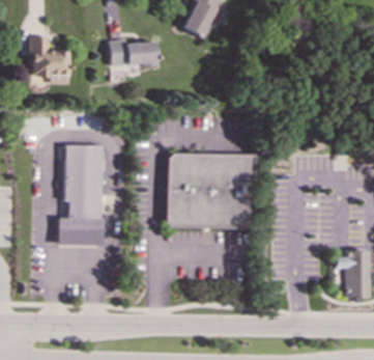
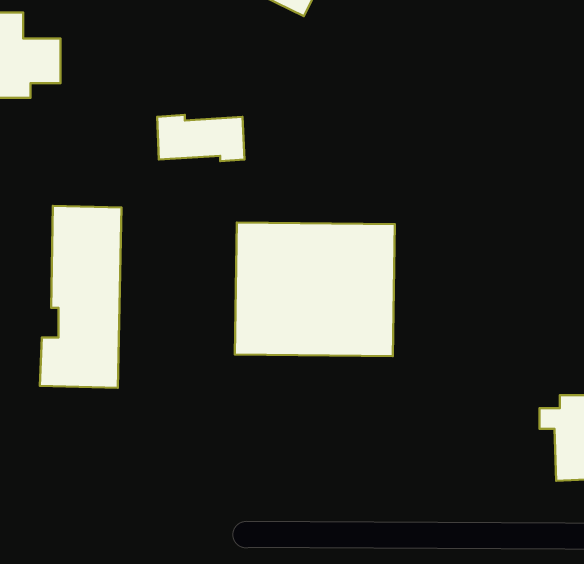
building: [108,40,156,66] -> [157,115,244,161]

